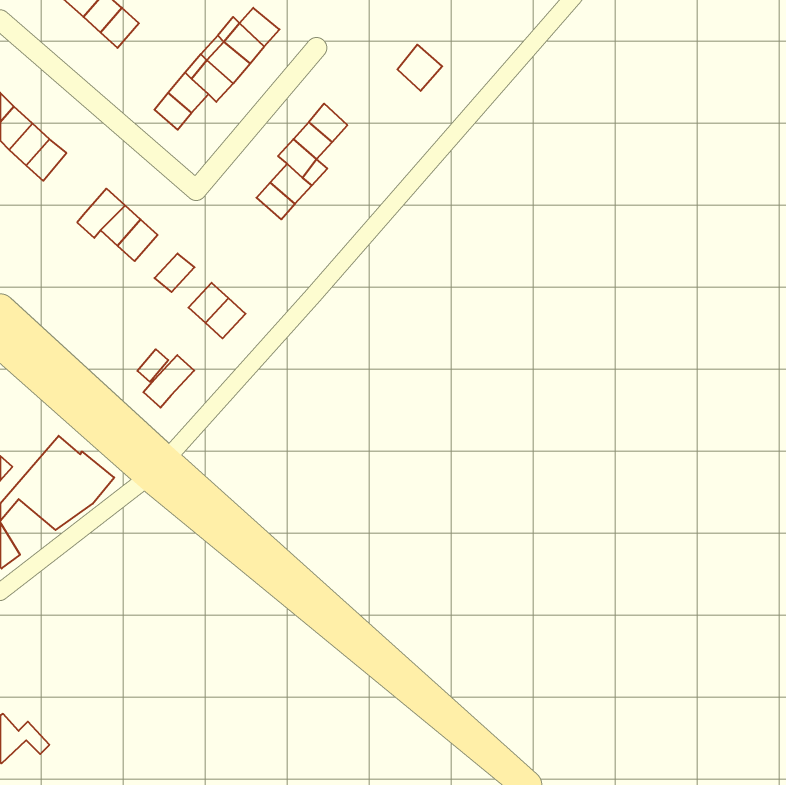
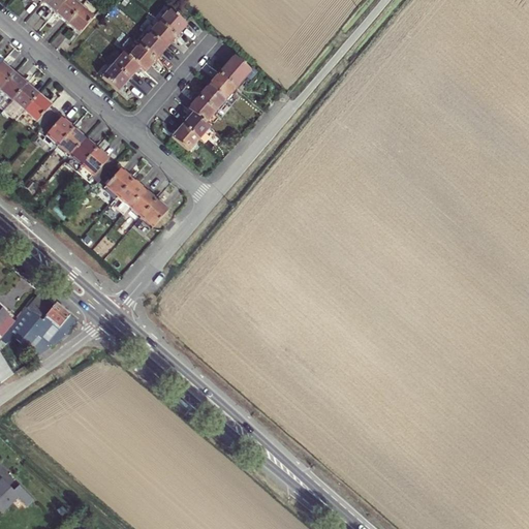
building: [397,45,442,91] -> [219,53,249,84]
building: none -> [38,111,73,144]
building: [143,355,194,408] -> [110,179,144,214]

